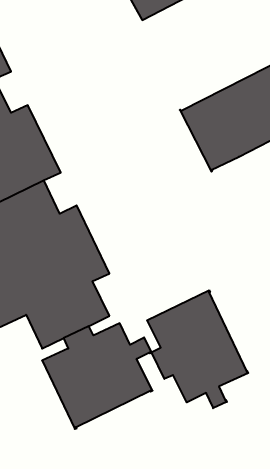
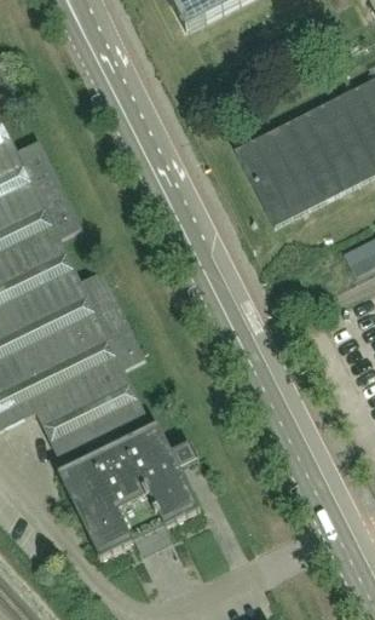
building: [147,290,248,408] -> none

